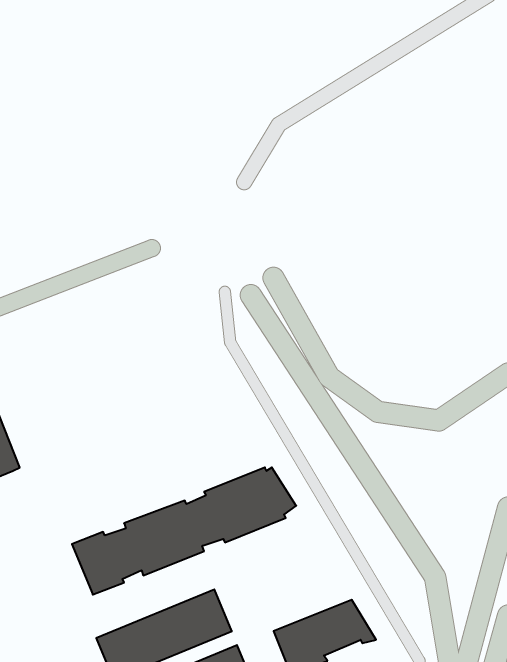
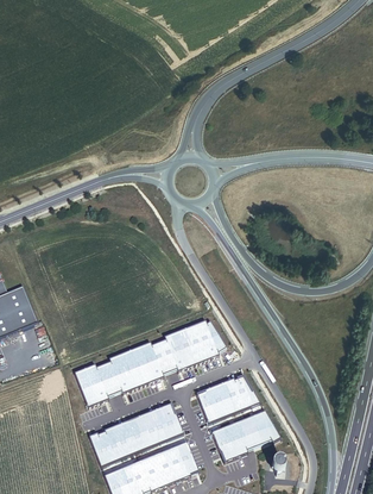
building: none -> [195,376,259,423]

